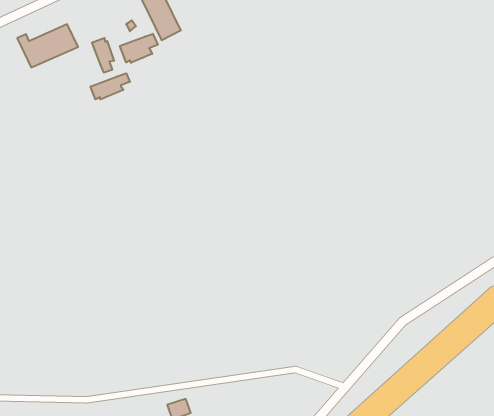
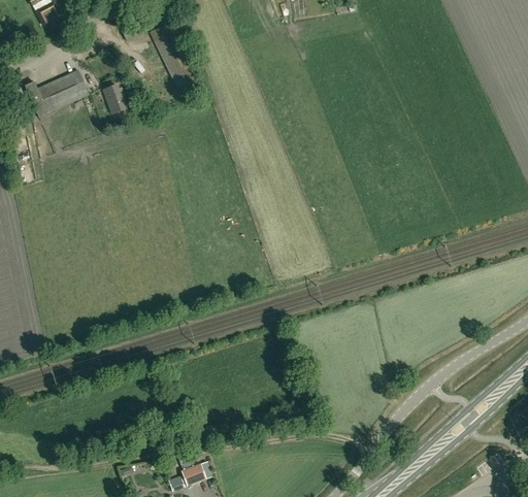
building: [120,34,158,63] -> none
building: [91,73,130,99] -> none

